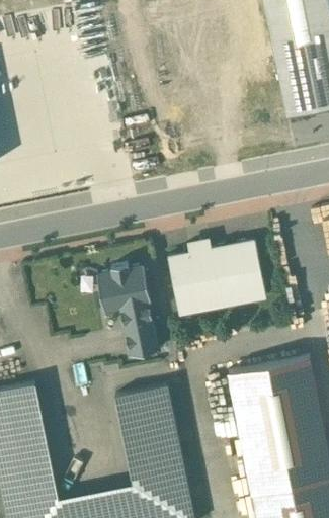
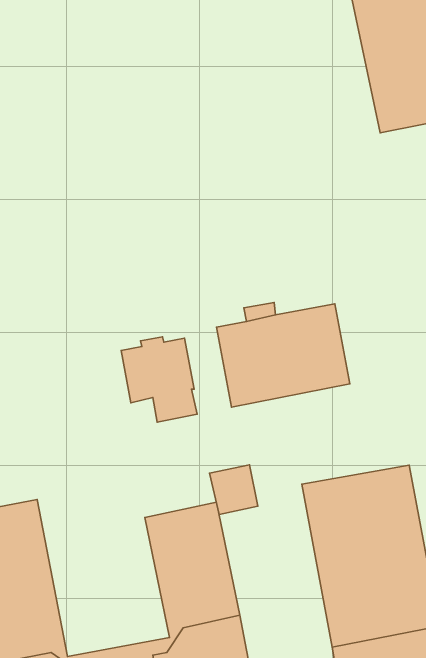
building: [124,322,159,358] -> [210,465,258,515]

